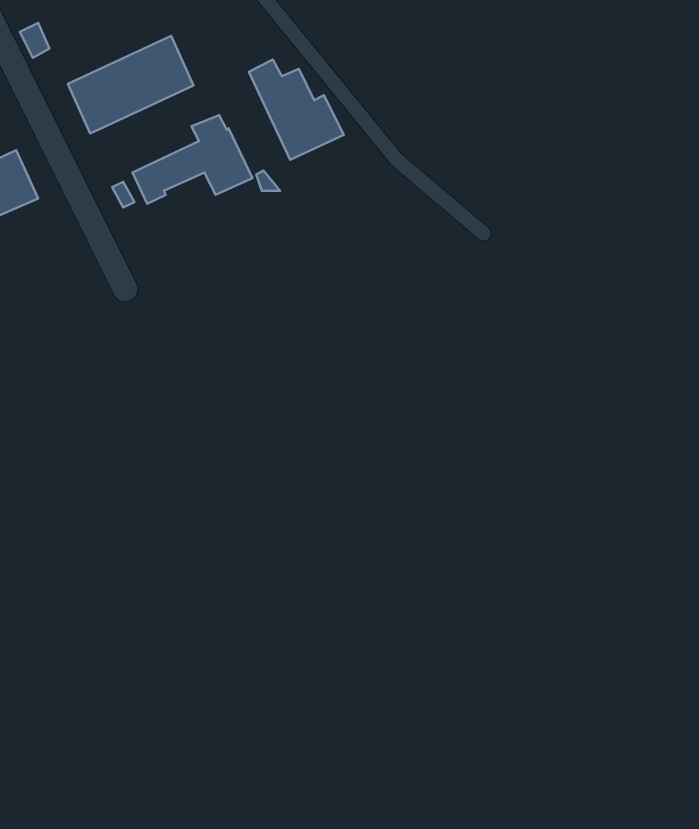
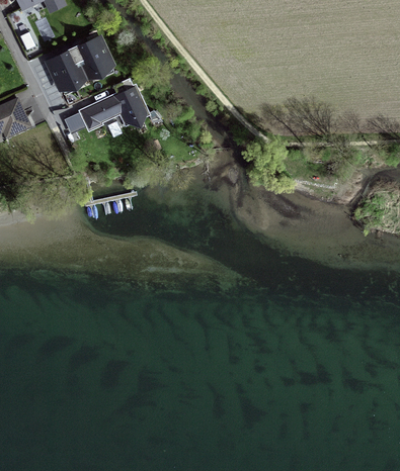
building: [249,60,344,160] -> none

